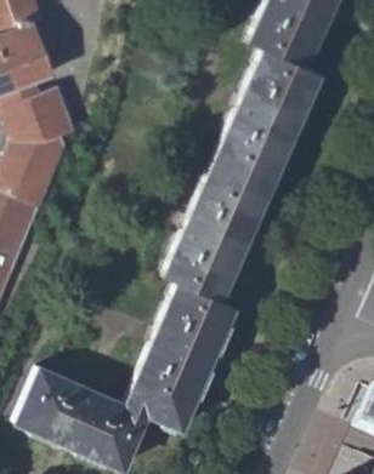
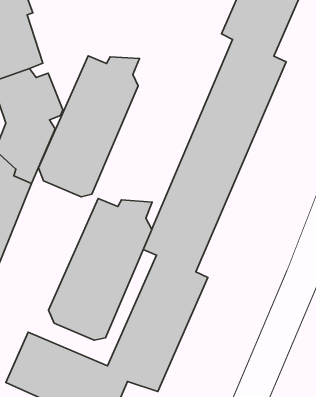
building: none -> [38,56,139,197]
building: none -> [48,198,152,340]

